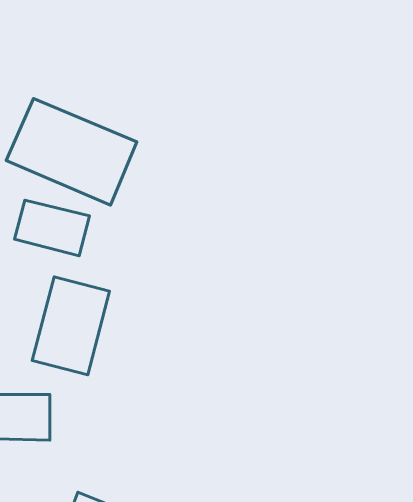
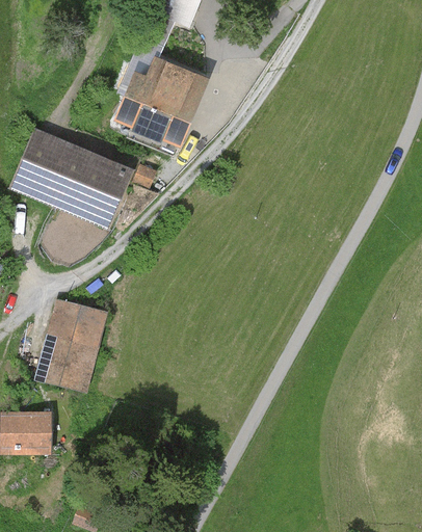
building: none -> [112,56,209,148]
building: [15,200,89,256] -> none

